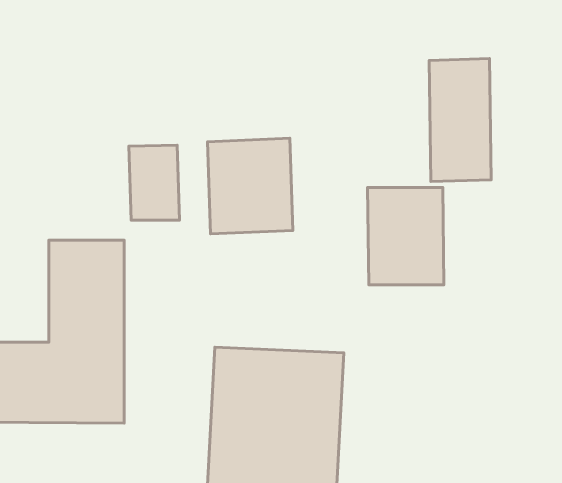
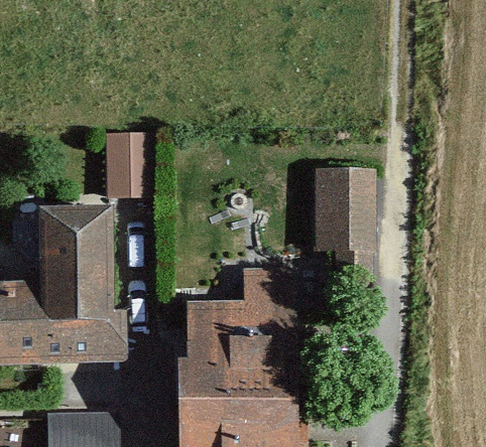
building: [429,59,491,182] -> none
building: [207,138,293,234] -> none

